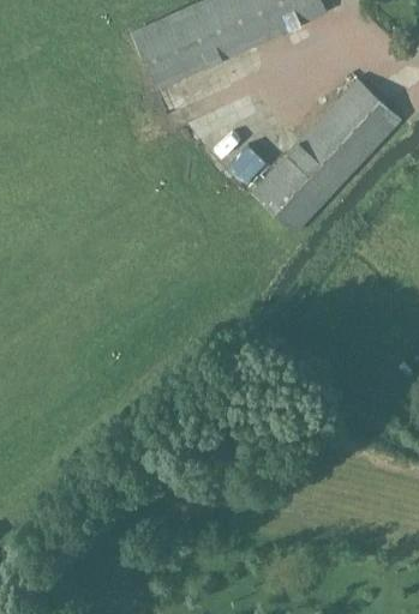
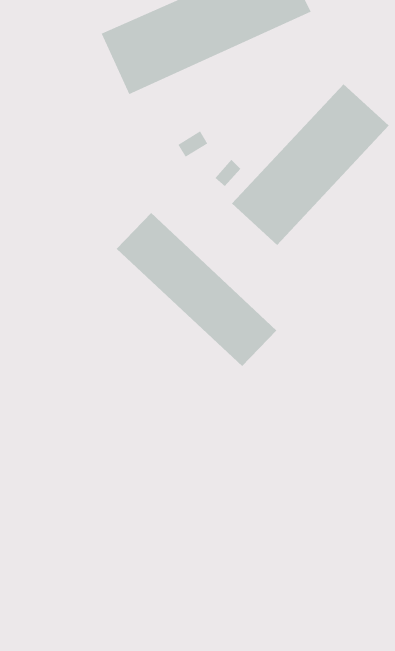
building: none -> [116,212,277,367]

